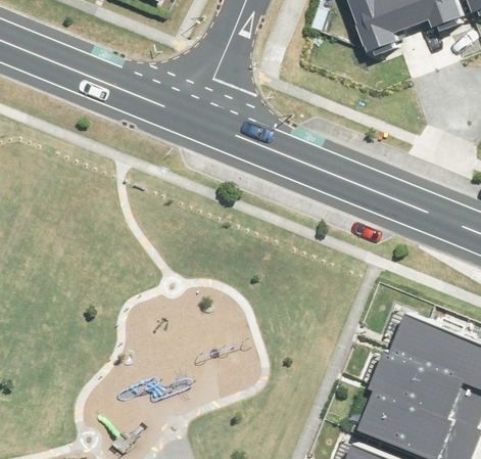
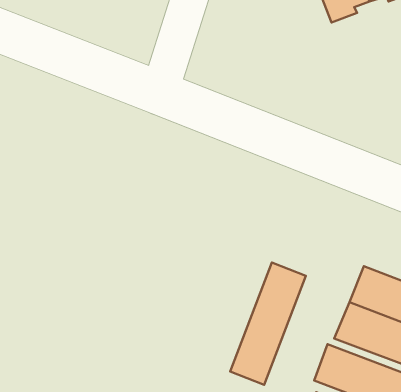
building: none -> [230,262,306,385]

